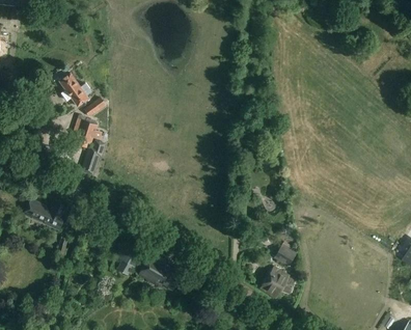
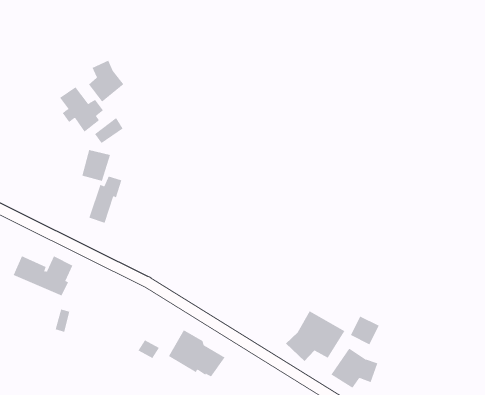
building: none -> [88,60,124,103]
building: none -> [285,311,345,362]

